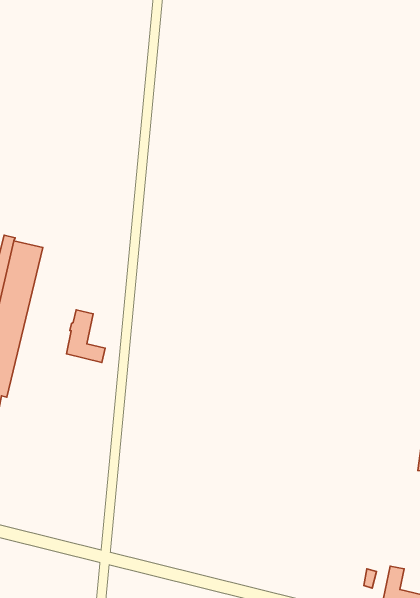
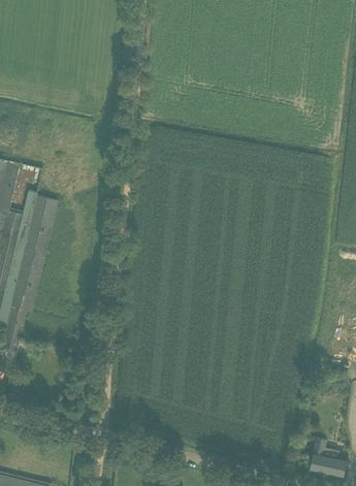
building: [66,310,105,362] -> none

